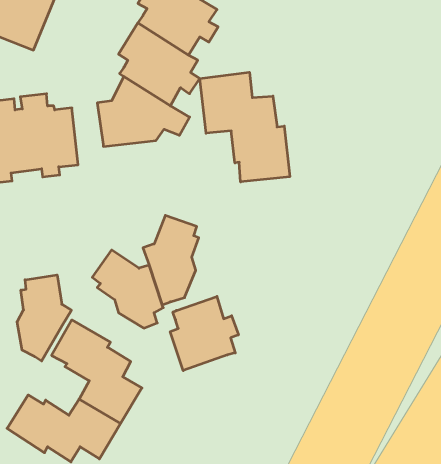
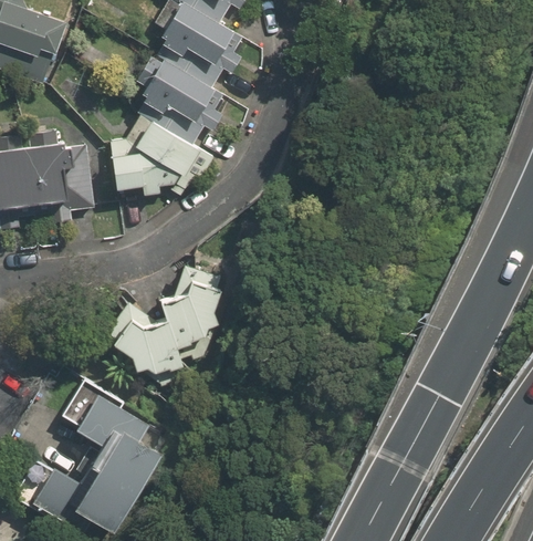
building: [200,72,290,182] -> none
building: [17,275,71,361] -> none
building: [170,296,238,371] -> none

